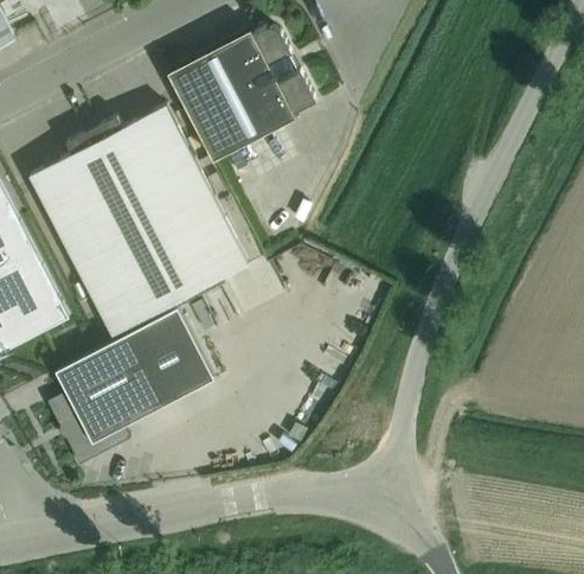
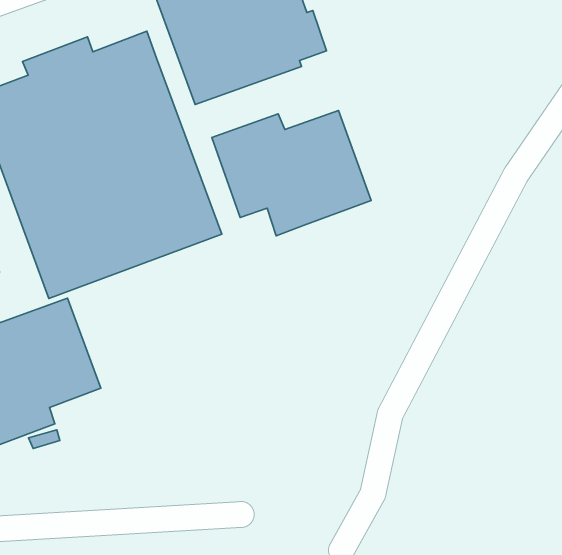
building: none -> [212,111,371,236]
building: [128,308,216,406] -> none

